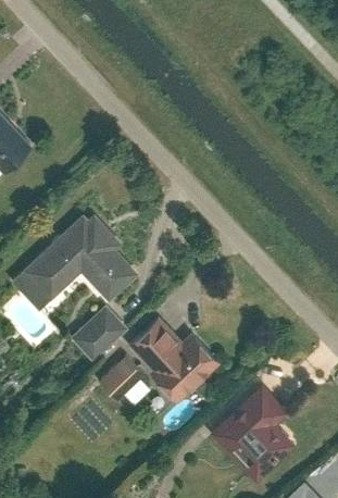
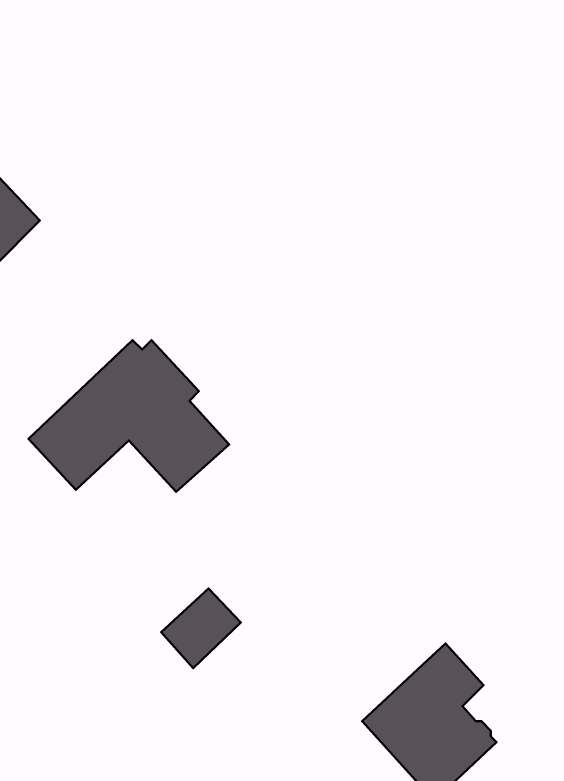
building: [71,307,128,363] -> none
building: [130,319,216,399] -> none

